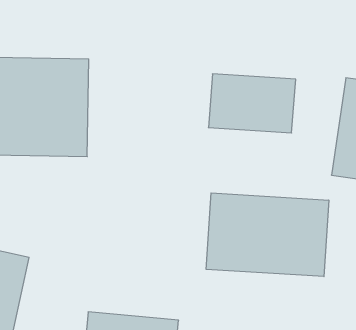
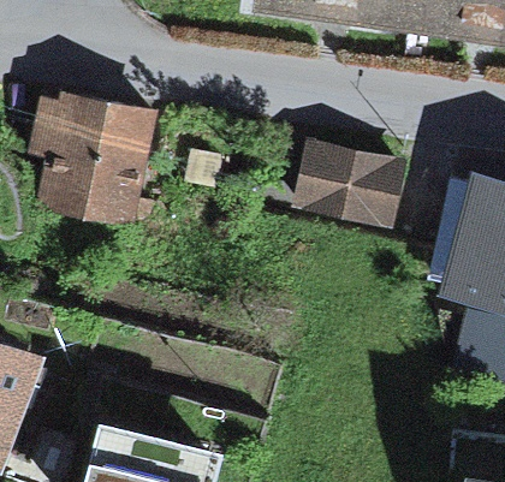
building: [206,193,329,277] -> none

